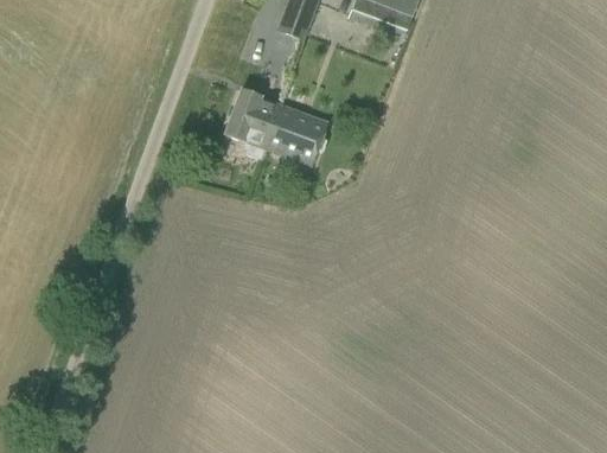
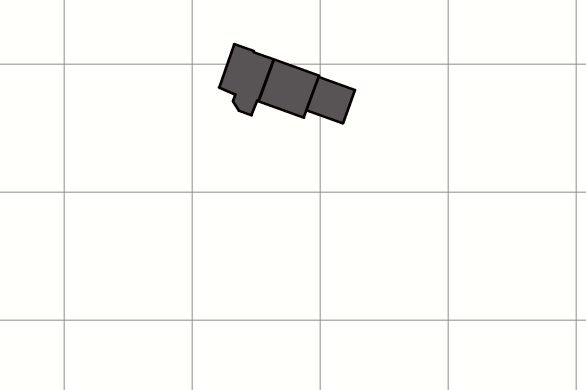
building: none -> [307,77,355,123]

